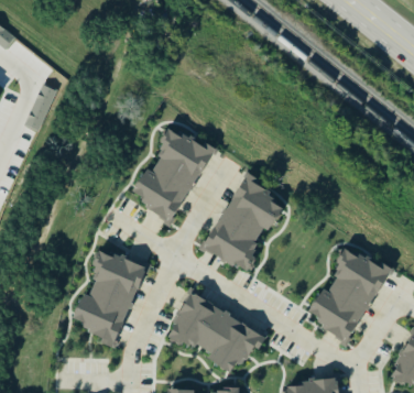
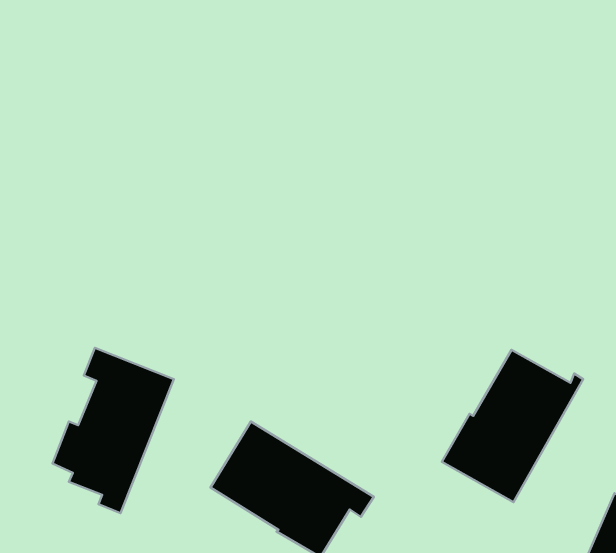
building: [134,128,214,222] -> none
building: [204,171,284,271] -> none

